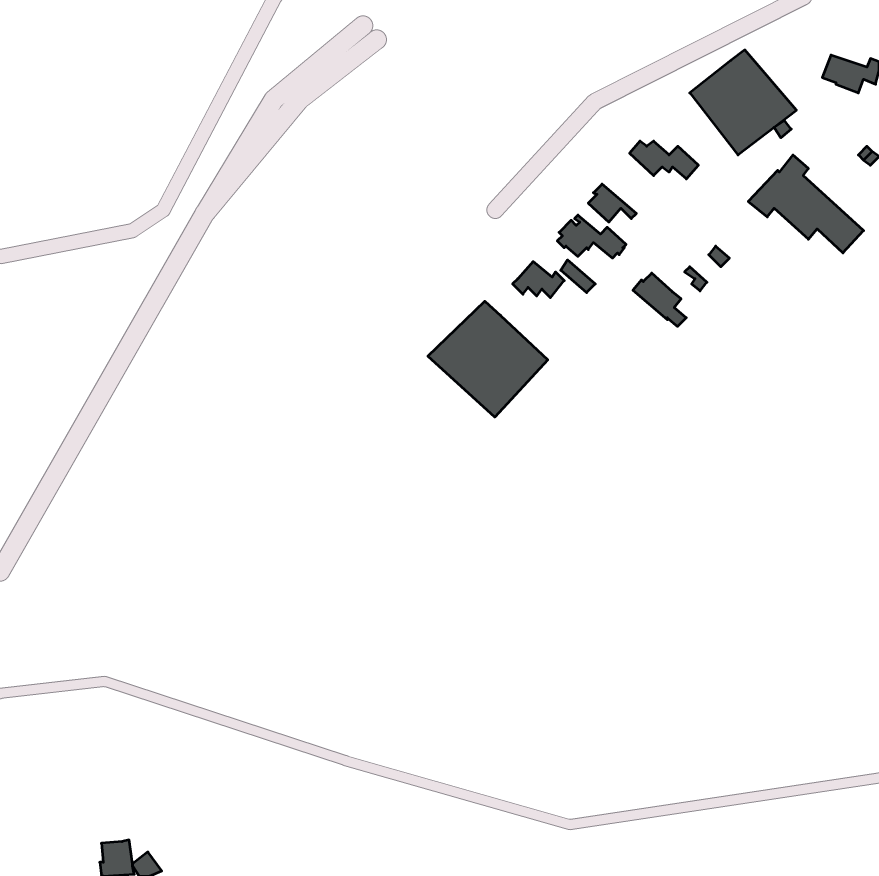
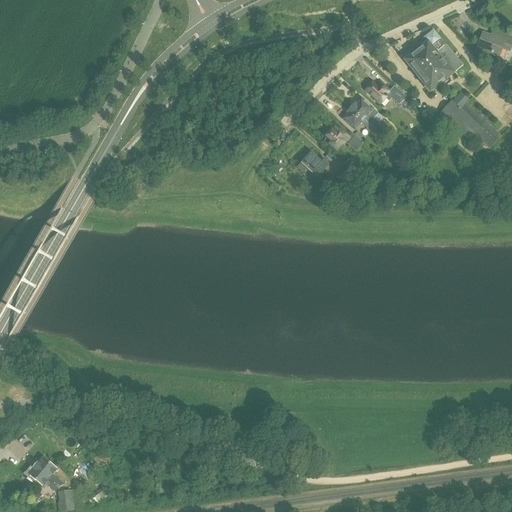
building: [633,273,686,326] -> [350,97,381,128]
building: [428,301,548,417] -> none
building: none -> [27,456,59,488]

